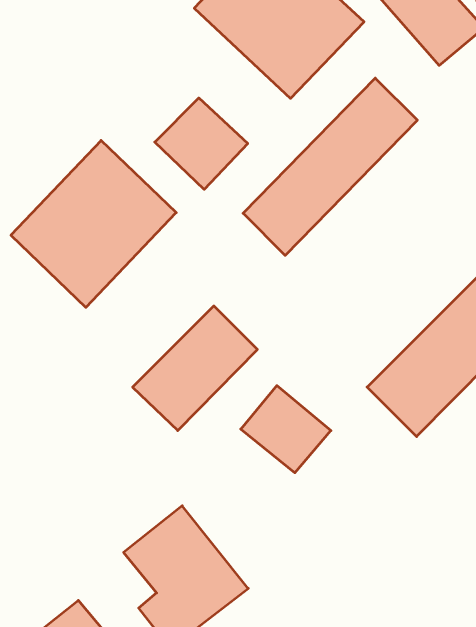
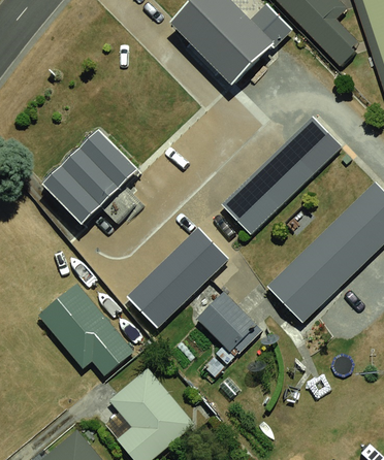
building: [243,78,417,255] -> [225,116,345,237]
building: [155,98,248,189] -> none
building: none -> [40,280,143,376]

